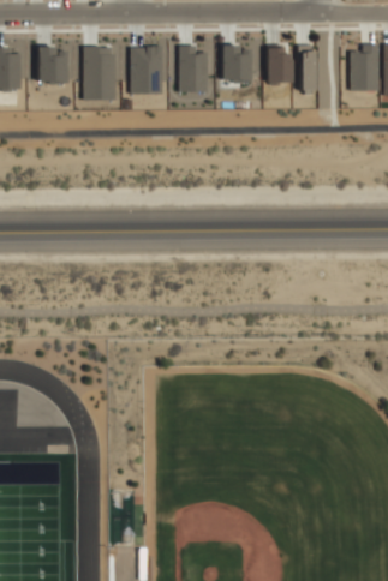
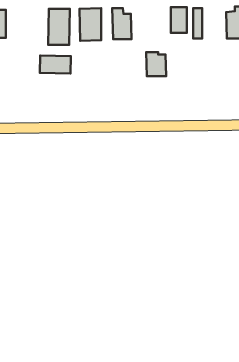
building: [222,46,252,82] -> [146,52,166,76]
building: [38,47,67,82] -> none
building: none -> [40,55,71,73]

